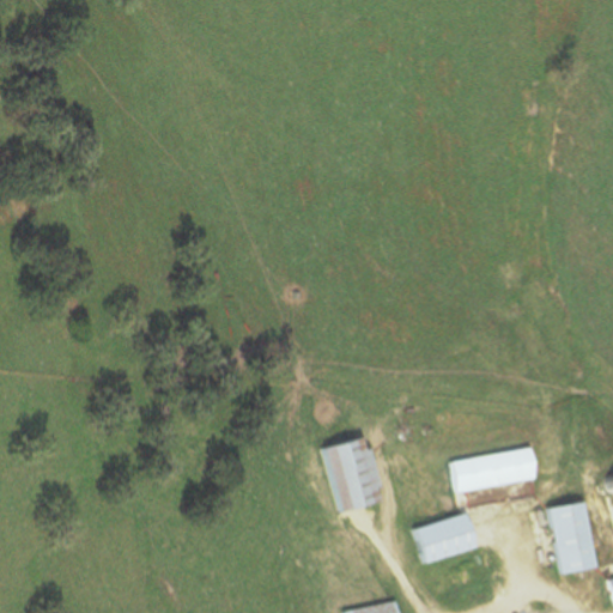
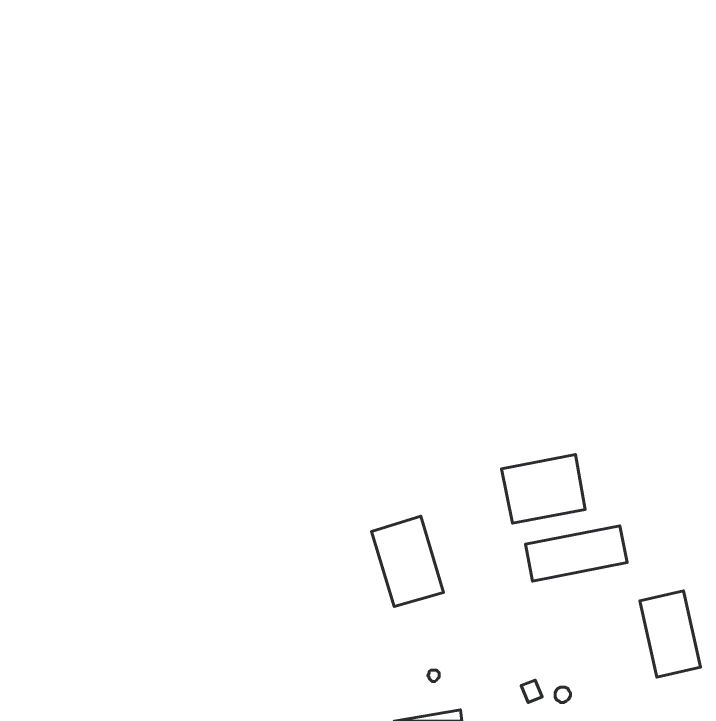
building: none -> [501,454,585,523]
building: [413,514,478,565] -> none

